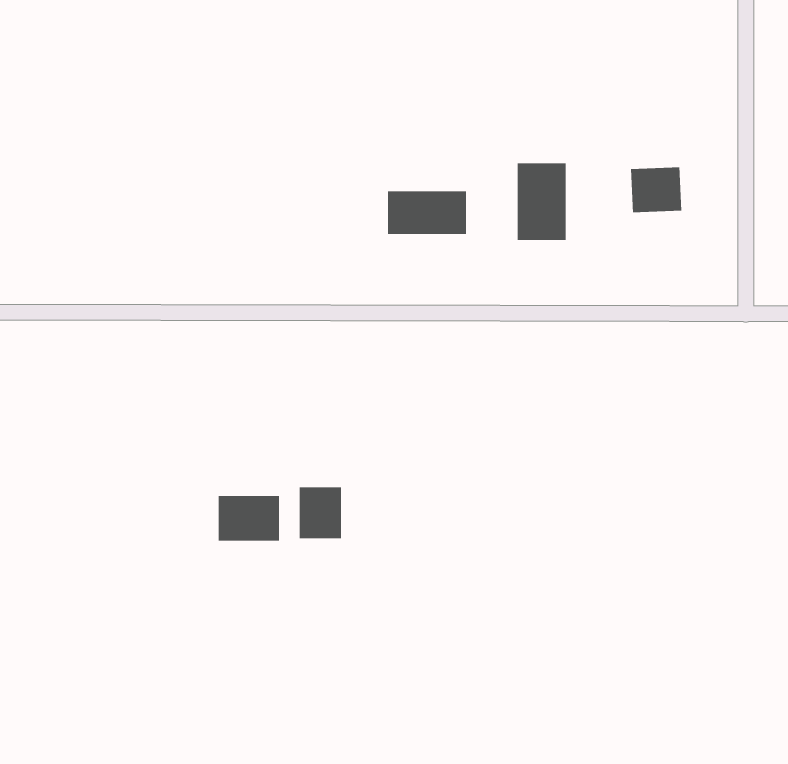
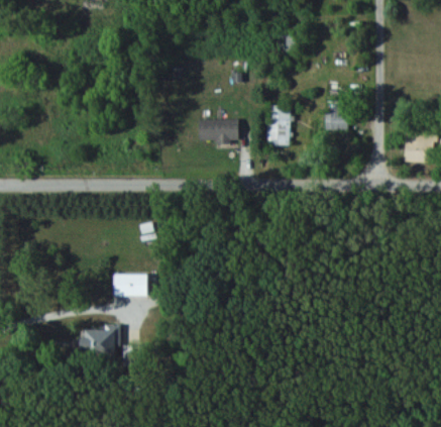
building: [299,486,341,539] -> none
building: none -> [79,331,107,351]

